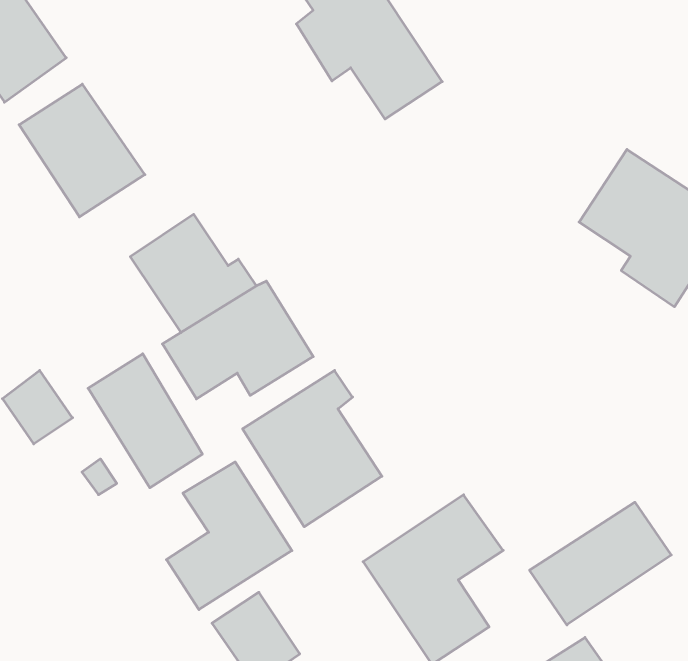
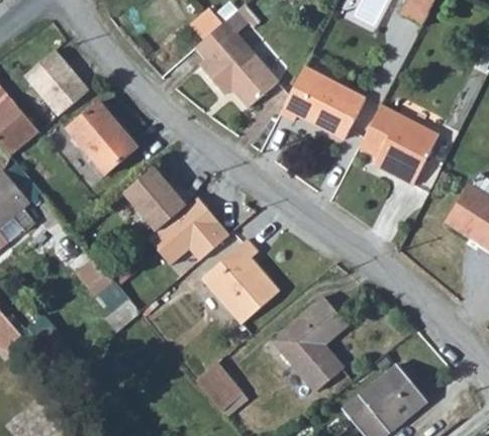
building: none -> [288,65,373,135]
building: [88,354,202,488] -> none
building: [166,462,292,610] -> none
building: [530,502,671,625] -> none

